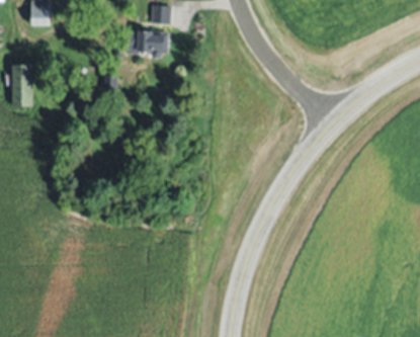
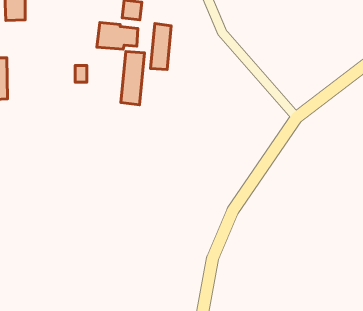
building: none -> [151,24,171,69]
building: none -> [121,52,145,105]

